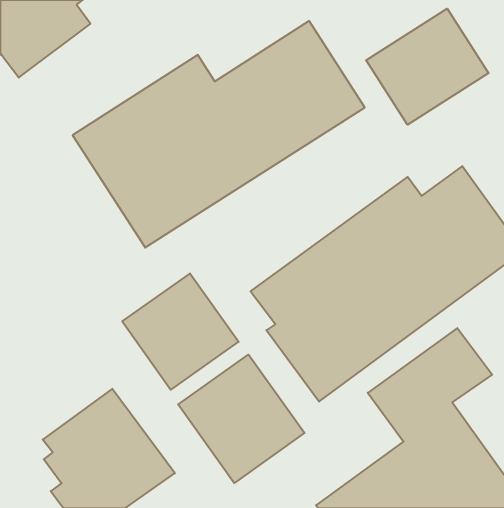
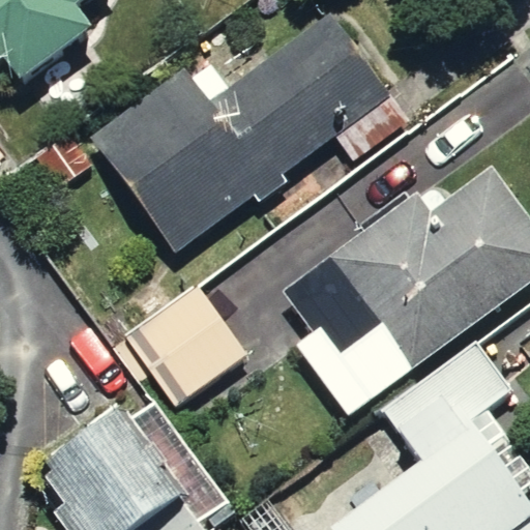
building: [366,9,489,125] -> none
building: [178,355,305,483] -> none

